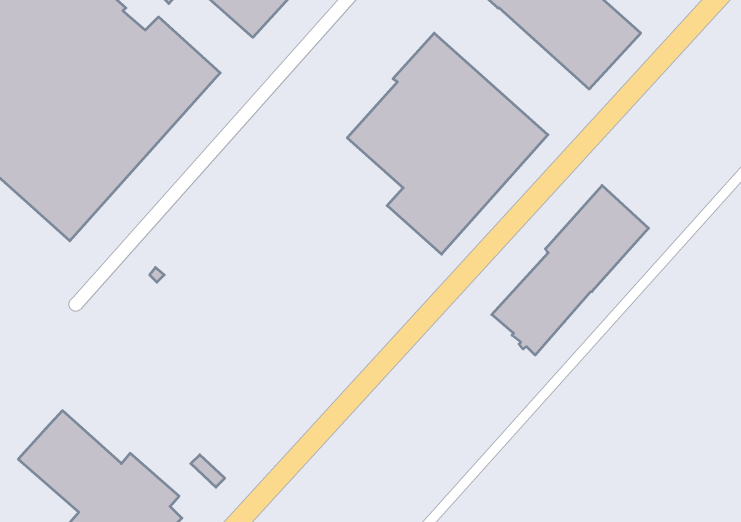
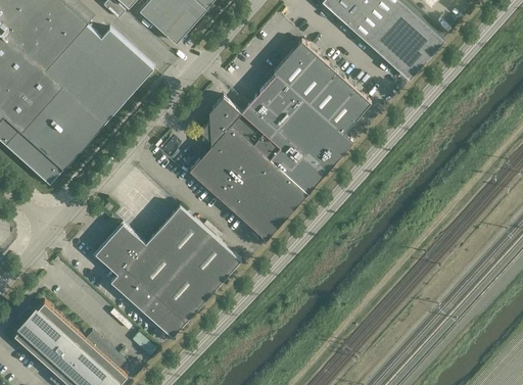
building: none -> [190,97,306,239]
building: [492,185,649,355] -> none
building: none -> [94,206,240,338]

